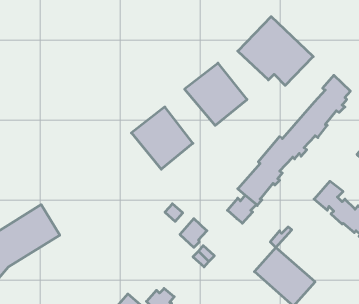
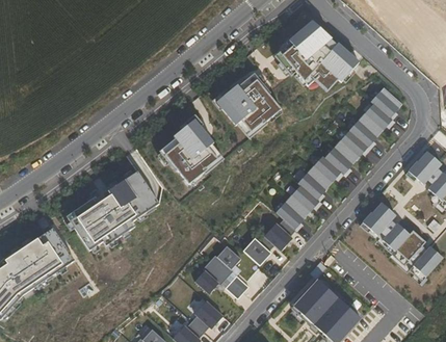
building: none -> [70,170,162,252]
building: none -> [242,233,273,264]
building: none -> [194,262,226,293]
building: none -> [192,299,222,332]

